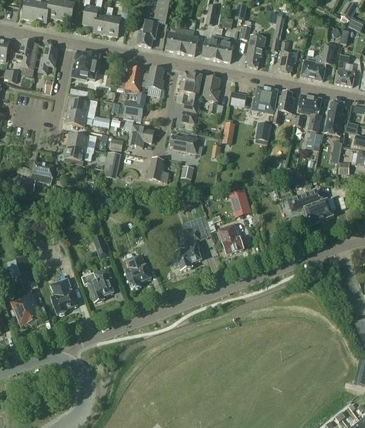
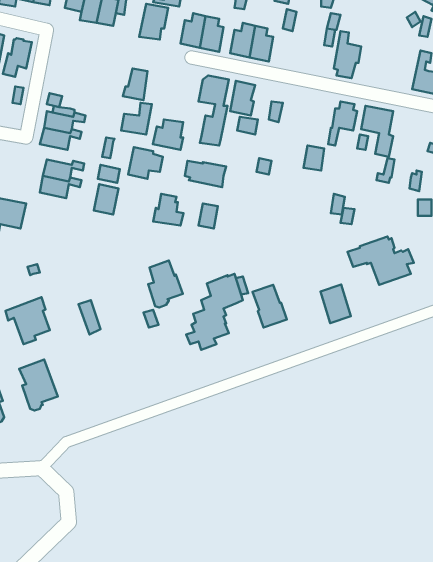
building: [246,34,266,67] -> none
building: [302,42,335,80] -> none
building: [71,51,99,80] -> none
building: [143,67,165,89] -> [153,120,183,150]
building: [252,86,278,113] -> none
building: [325,101,344,135] -> none
building: [229,189,251,217] -> [321,284,351,323]
building: [126,254,151,288] -> [148,261,183,307]
building: [82,268,114,302] -> [6,297,50,344]

